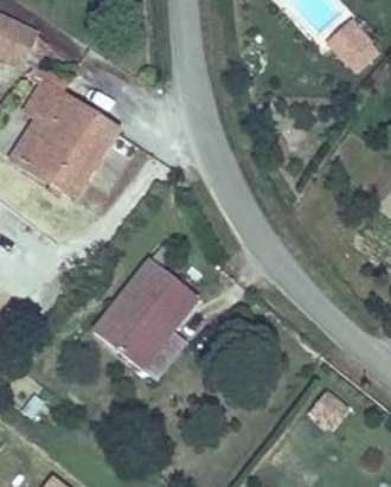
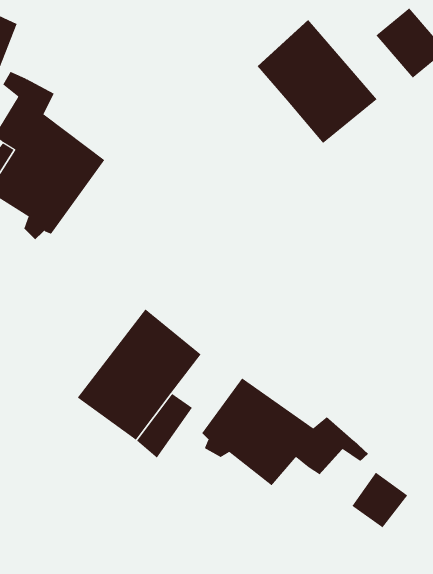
building: none -> [257,19,377,144]
building: none -> [202,378,369,486]

